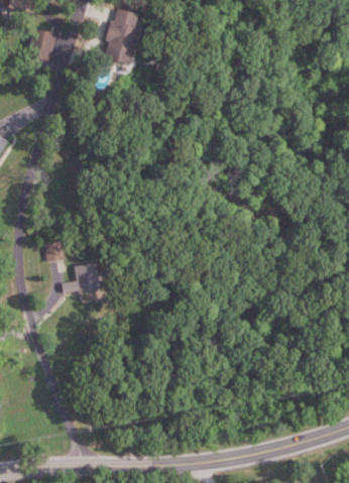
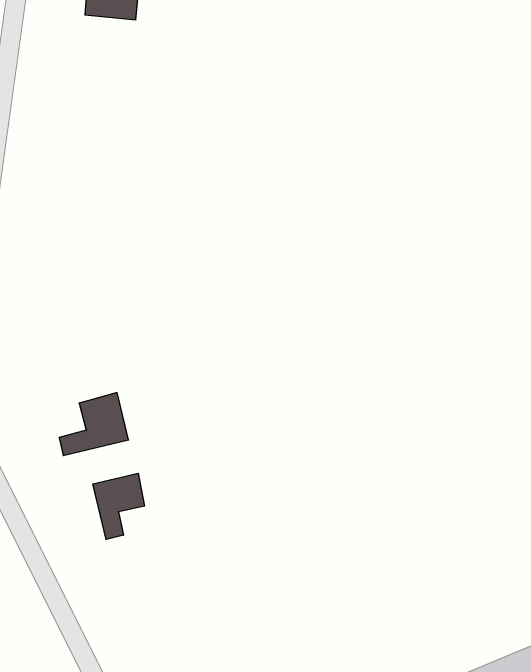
building: none -> [93,473,145,540]

